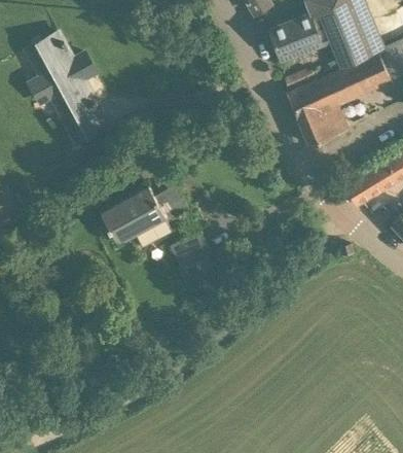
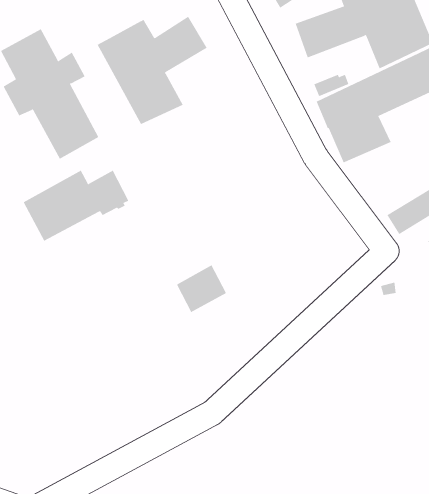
building: none -> [97,16,207,125]
building: [101,184,189,244] -> [23,170,129,242]

